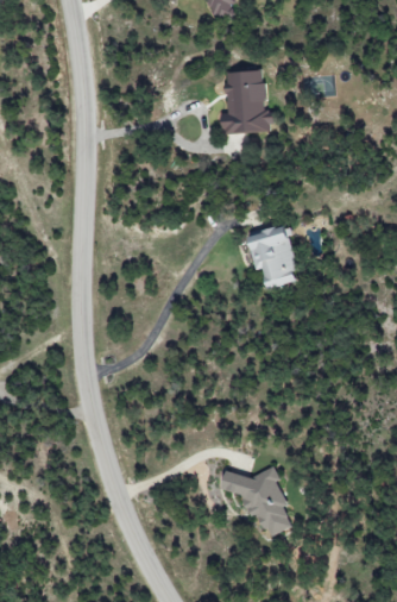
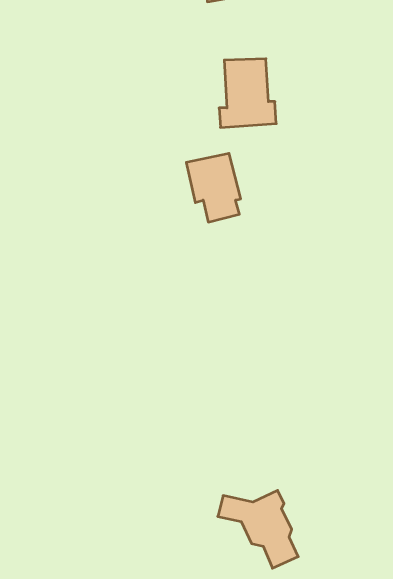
building: [246,225,296,288] -> [186,153,241,222]

